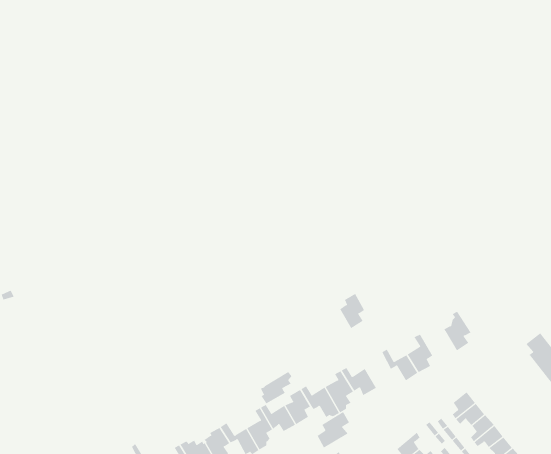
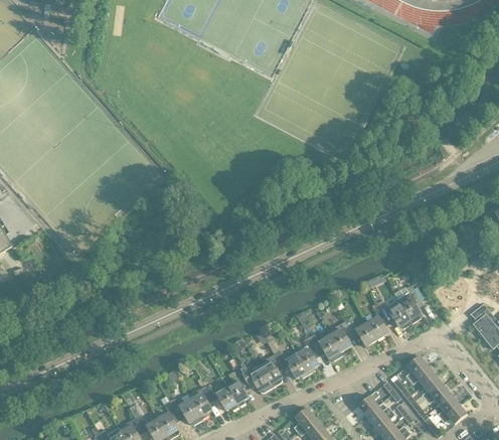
building: [339,293,365,329] -> [331,321,353,352]
building: none -> [379,302,410,327]
building: [260,371,292,404] -> none
building: [317,411,350,449] -> none

